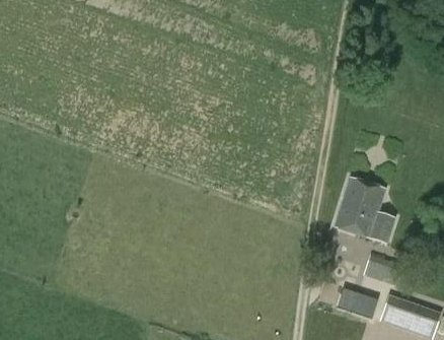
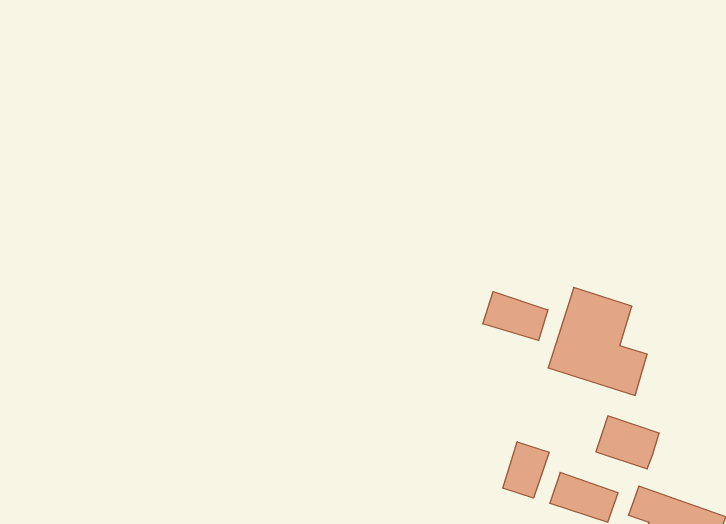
building: none -> [483,292,548,341]
building: none -> [503,442,549,498]

